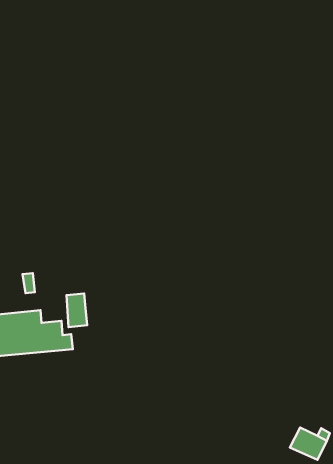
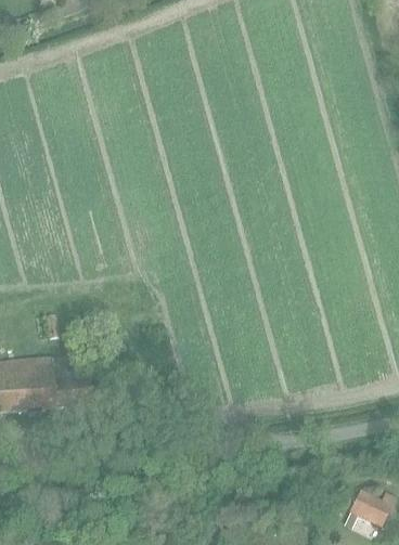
building: [67,293,87,327] -> none

